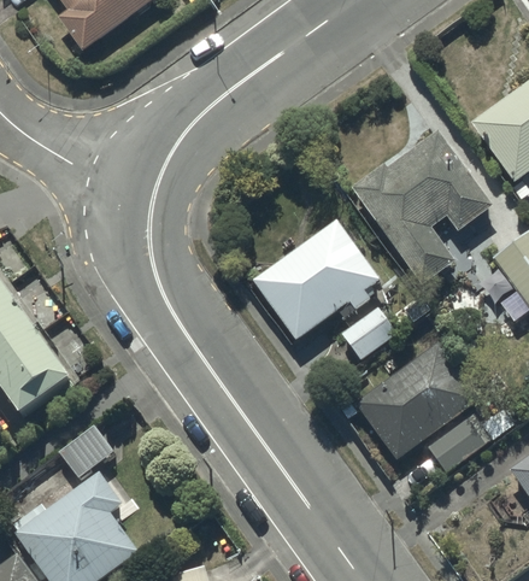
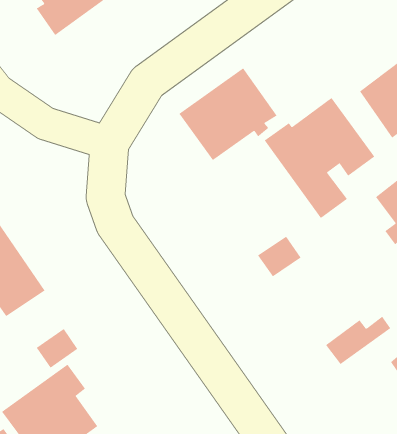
building: [253,219,380,339] -> [179,68,277,161]
building: [355,342,478,458] -> none

